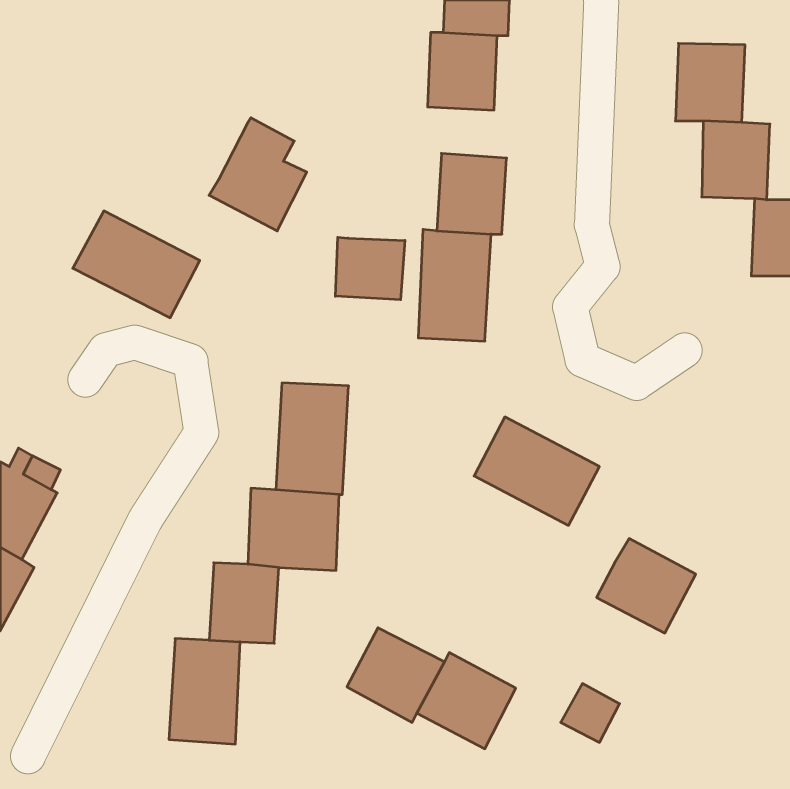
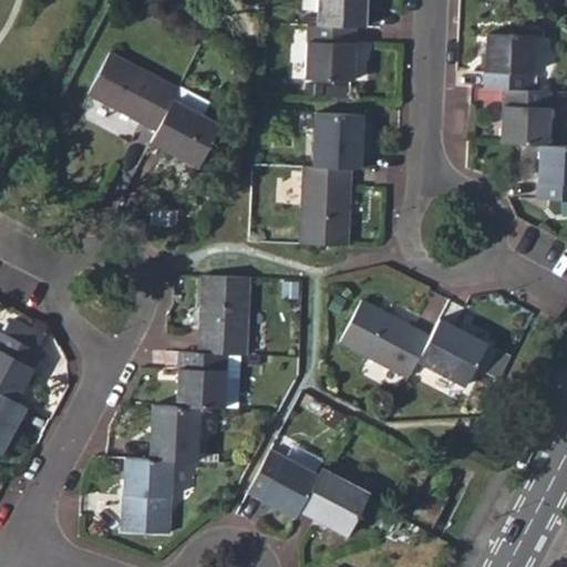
building: [73,211,200,318] -> [87,54,178,131]
building: [335,237,405,300] -> none
building: [597,539,696,633] -> [416,319,487,386]

